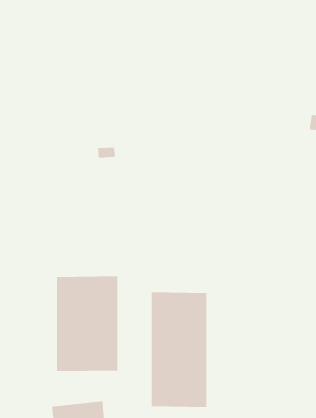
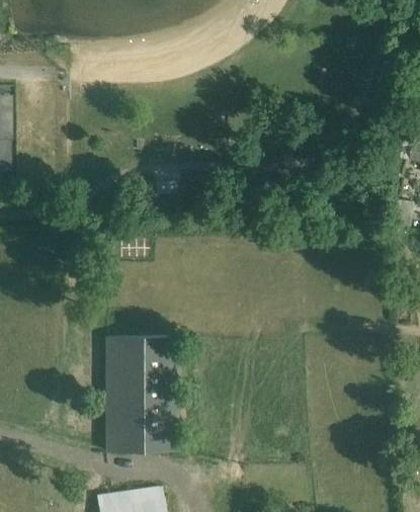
building: [151,291,207,408] -> none

